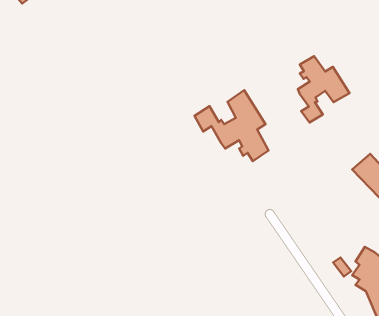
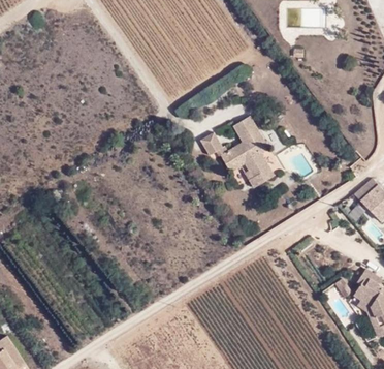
building: [298,56,349,123] -> none

